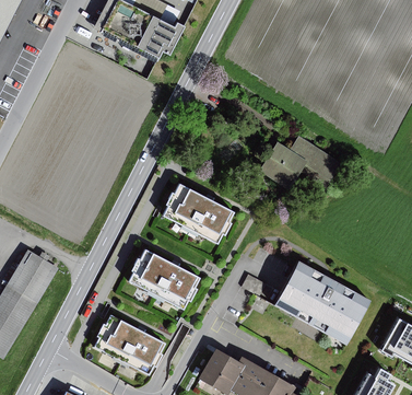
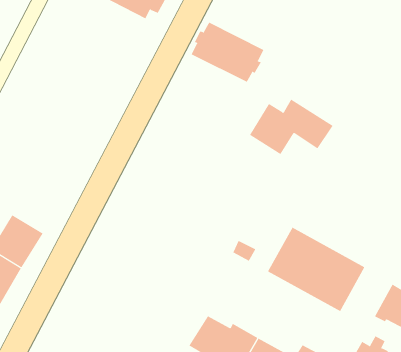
building: [161,183,232,242] -> [191,22,264,82]
building: [128,249,199,309] -> none
building: [91,315,162,374] -> none

